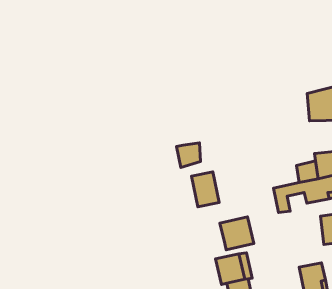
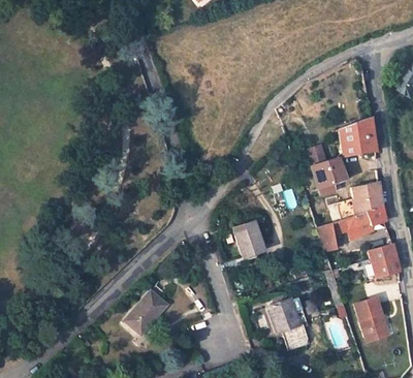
building: none -> [310,147,347,194]
building: [177,143,201,167] -> none
building: [220,217,254,250] -> none
building: none -> [127,291,166,340]

